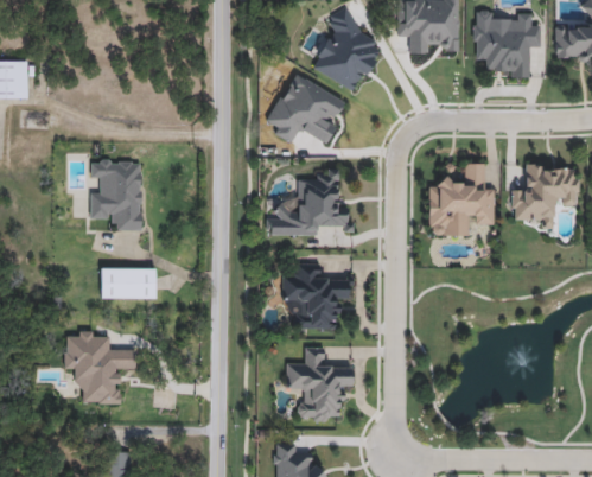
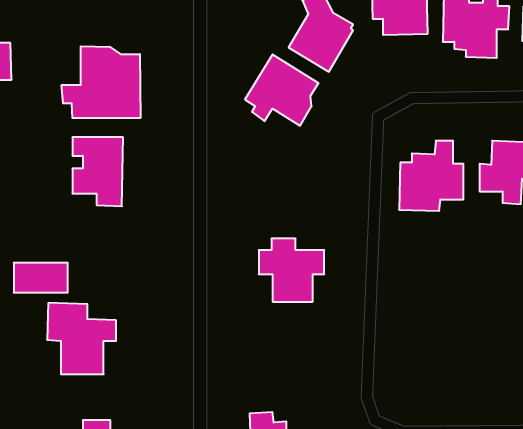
building: none -> [62,46,140,118]
building: [266,168,348,235] -> none
building: [100,267,155,298] -> [14,263,68,293]
building: [286,346,352,421] -> none

